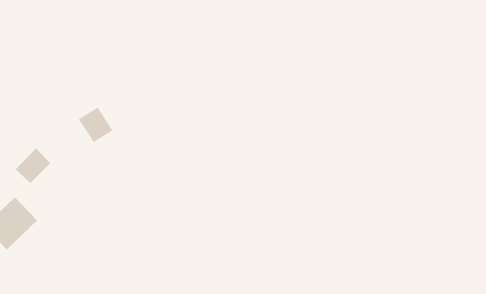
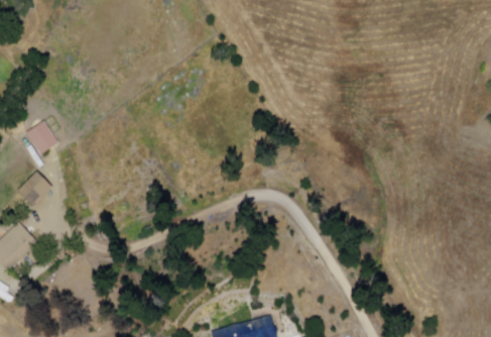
building: [78,107,113,143] -> [23,120,57,155]

